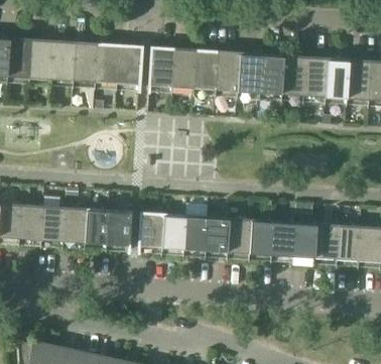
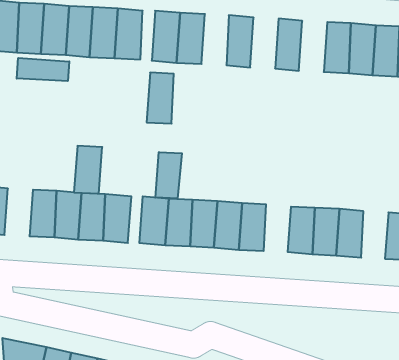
building: [194,48,218,94] -> [147,73,174,124]
building: [237,51,262,97] -> none
building: [280,54,305,100] -> none
building: none -> [17,58,69,81]
building: none -> [156,152,182,199]
building: [18,204,43,246] -> [74,146,102,194]
building: [249,218,273,260] -> none
building: [336,224,360,266] -> none

